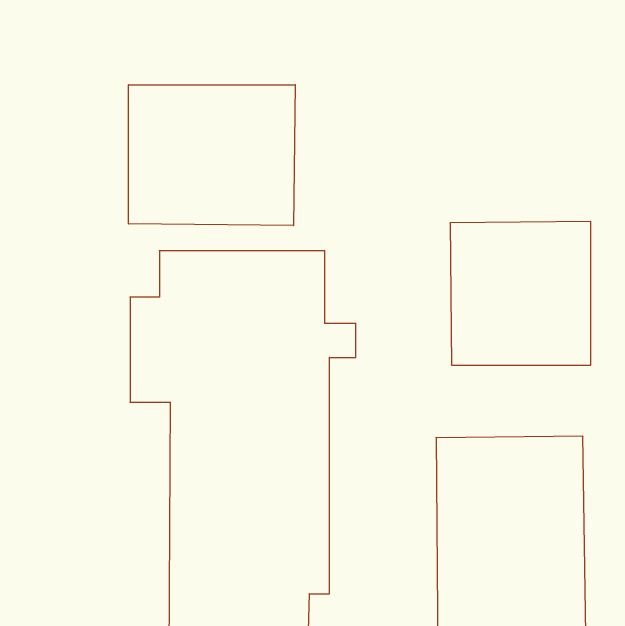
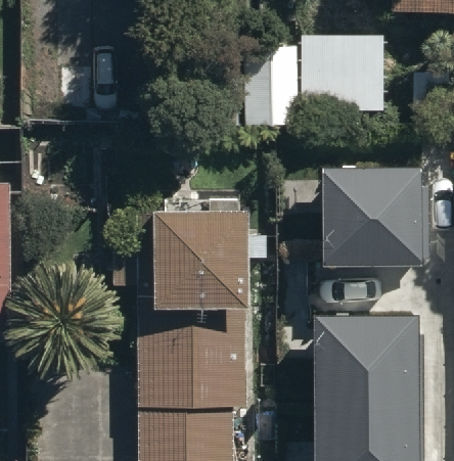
building: none -> [244,40,382,122]
building: [129,85,295,226] -> none

